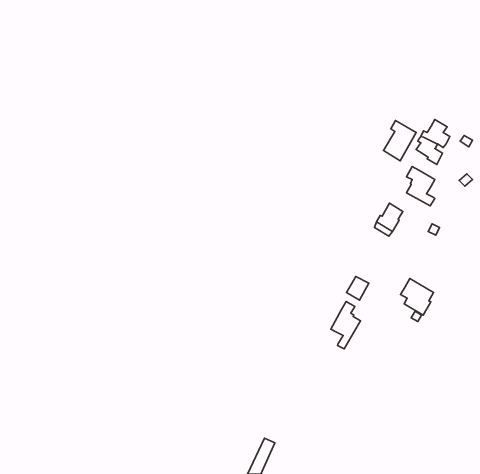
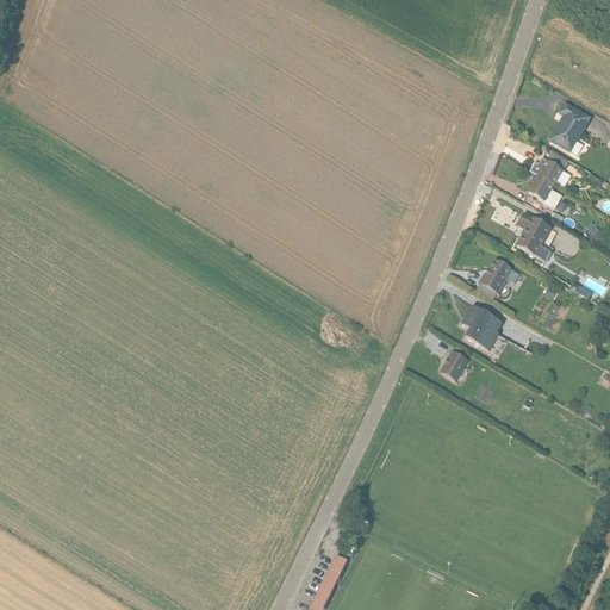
building: [383,120,416,161] -> [548,101,590,152]
building: [401,278,433,315] -> [460,303,502,349]
building: [331,302,360,349] -> none

